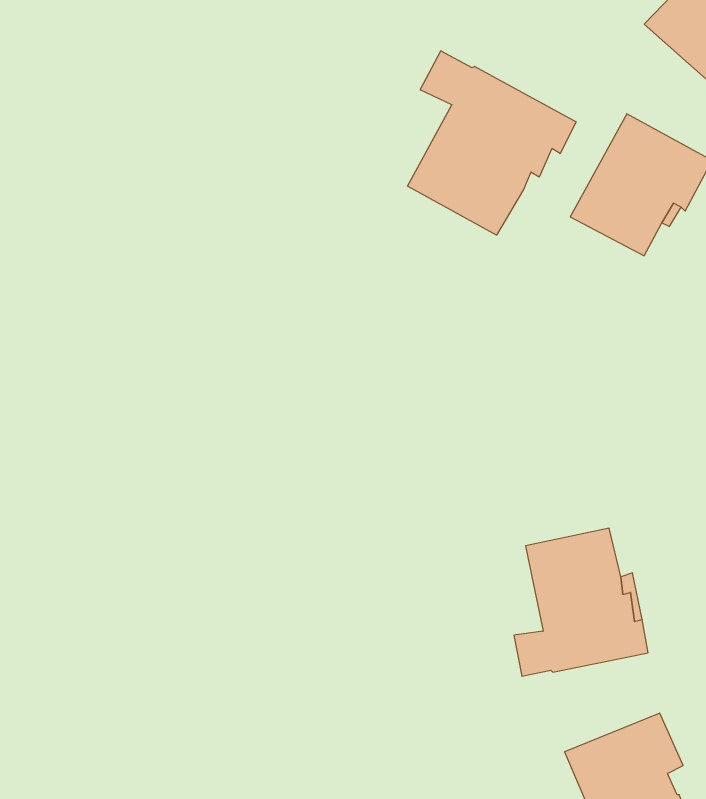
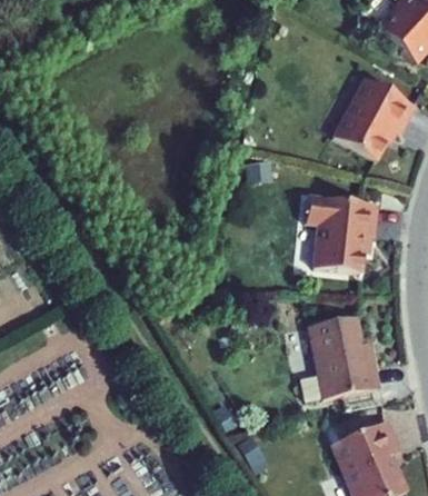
building: [408,51,576,235] -> none
building: none -> [306,196,378,271]

